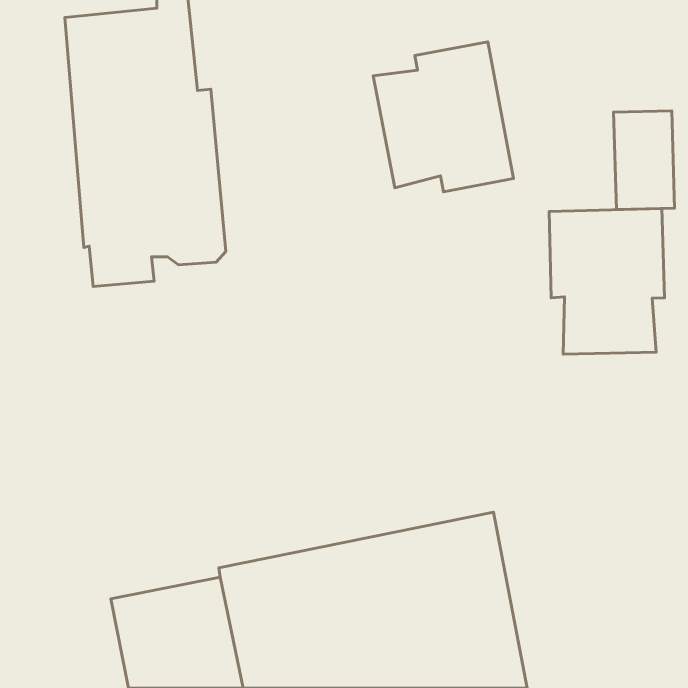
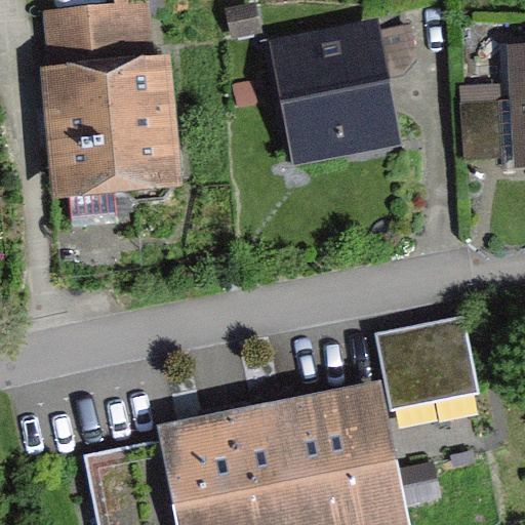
building: [549,208,664,354] -> none
building: none -> [380,319,475,394]

